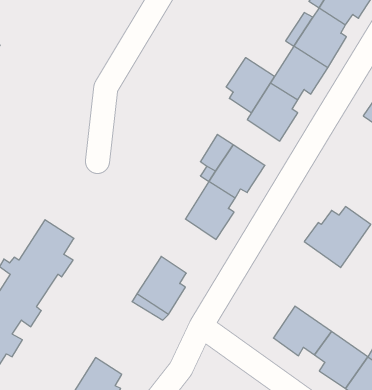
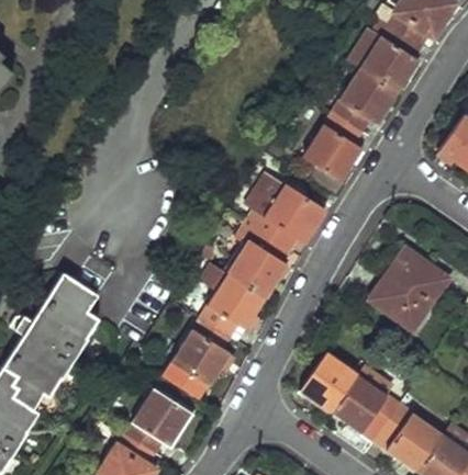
building: [226,58,274,113] -> none
building: none -> [201,272,266,336]
building: none -> [301,352,358,411]
building: none -> [124,389,190,454]

